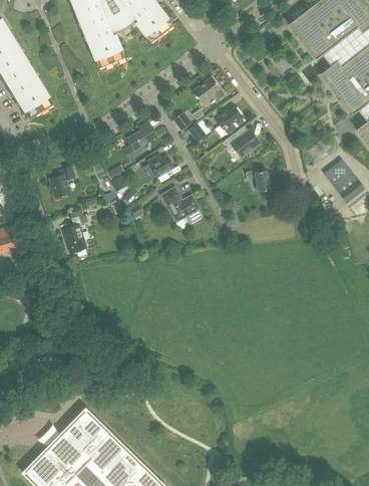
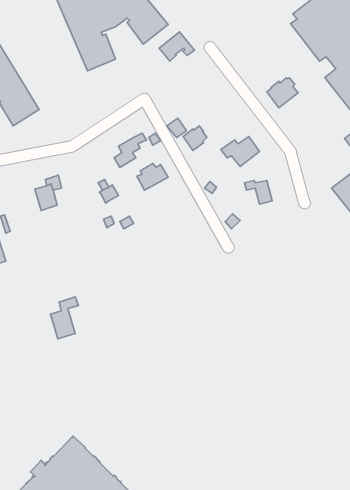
building: [192,76,225,103] -> [159,32,195,61]
building: [216,106,245,135] -> [267,78,298,108]
building: [160,186,201,222] -> none
building: [63,213,89,252] -> [50,297,78,339]

